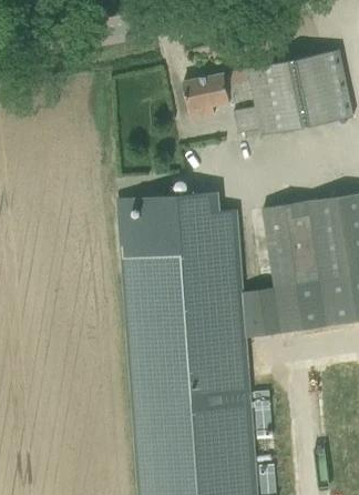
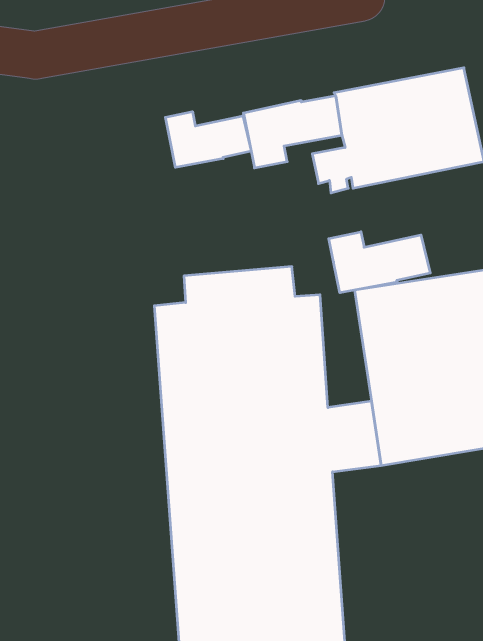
building: none -> [165,112,251,167]
building: none -> [329,232,430,293]

